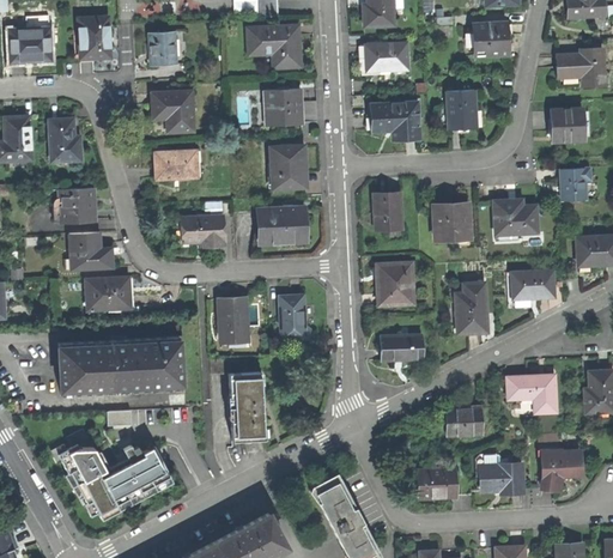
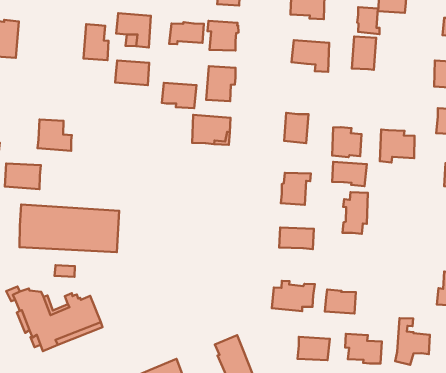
building: none -> [357,7,380,34]
building: none -> [169,22,204,44]
building: [49,119,80,162] -> [83,24,108,60]
building: [51,187,93,222] -> none
building: [183,216,224,245] -> [162,83,196,108]
building: [511,269,553,297] -> [332,162,367,186]
building: [85,278,129,309] -> [5,164,41,189]
building: [278,295,304,338] -> none
building: [219,298,245,341] -> none
building: [210,358,265,442] -> none
building: [505,374,554,413] -> none
building: none -> [272,281,315,311]

